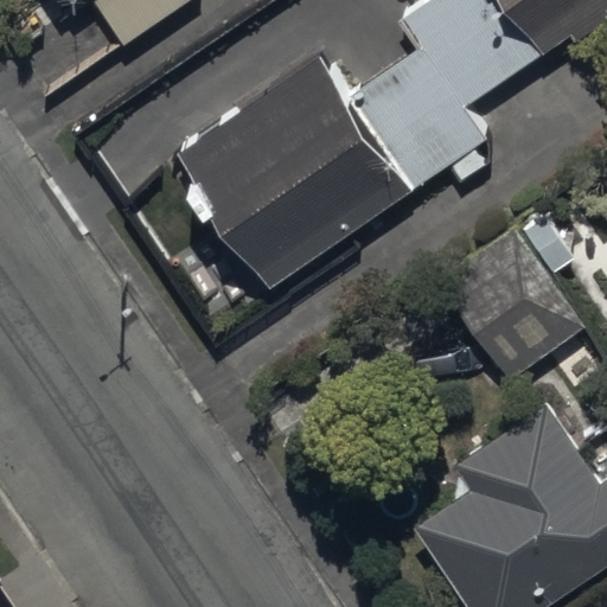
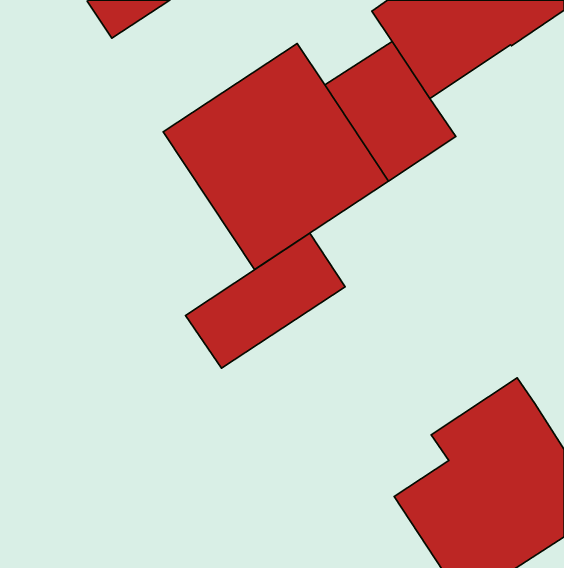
building: [445,231,581,378] -> none
building: none -> [185,233,345,368]

